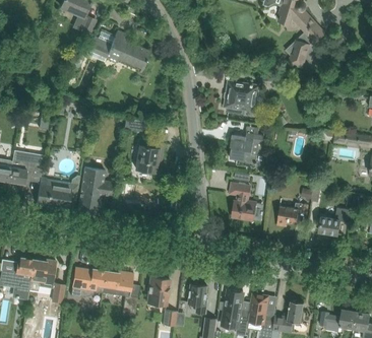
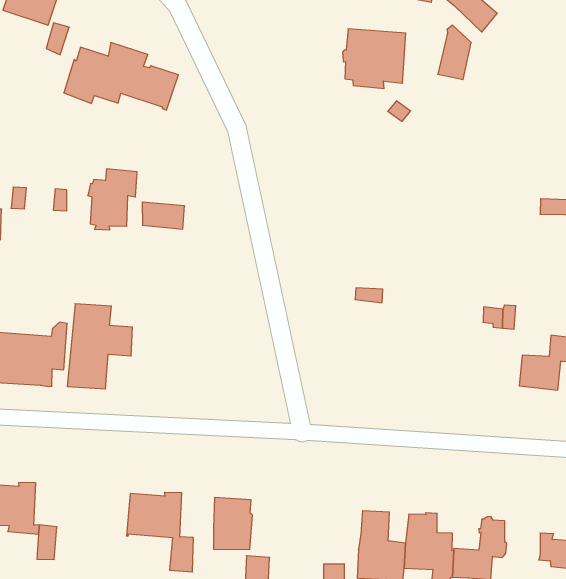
building: [225,81,259,115] -> [343,29,406,89]
building: [230,127,264,168] -> none
building: [136,141,164,174] -> [88,169,137,230]
building: [231,184,256,220] -> none
building: [277,203,308,226] -> none
building: [71,267,106,297] -> none
building: [188,283,207,315] -> none

